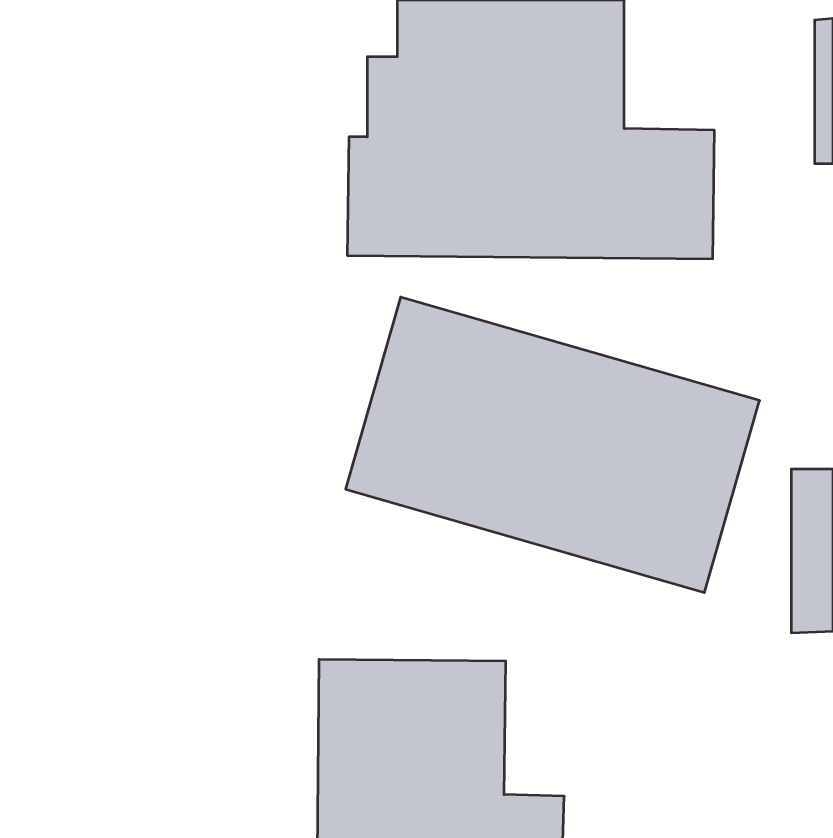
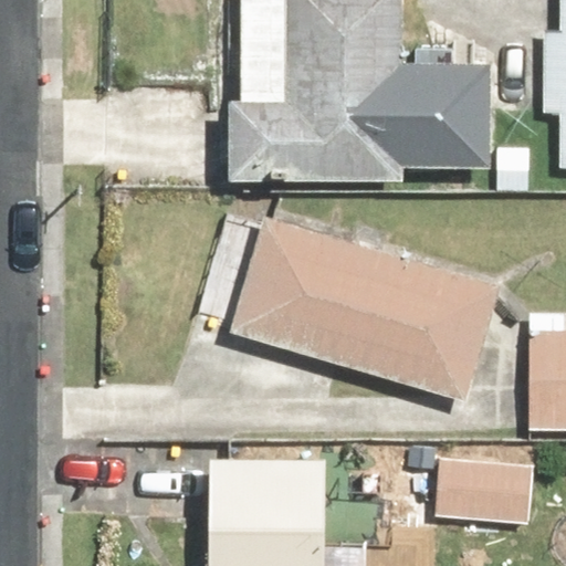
building: none -> [426,460,537,521]

